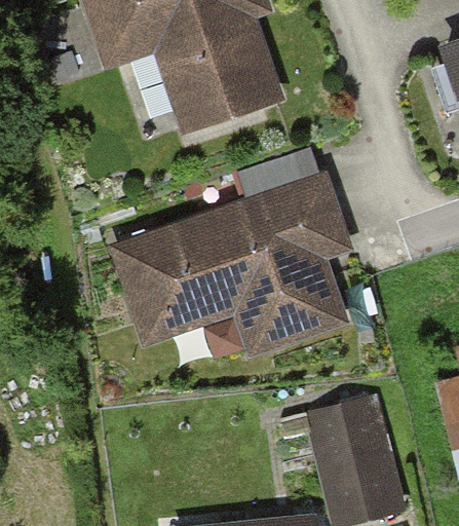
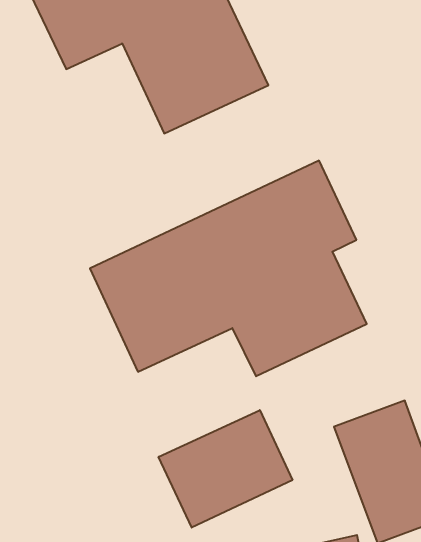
building: none -> [159,410,292,528]

